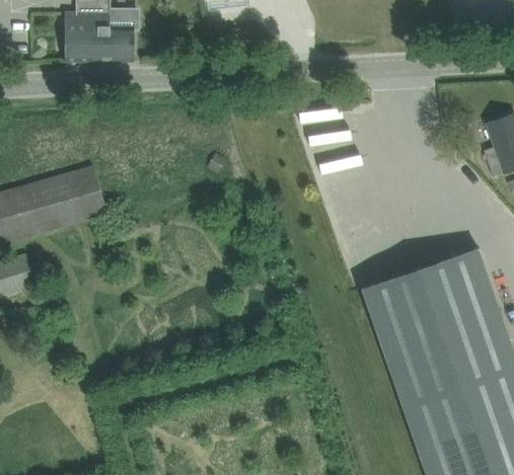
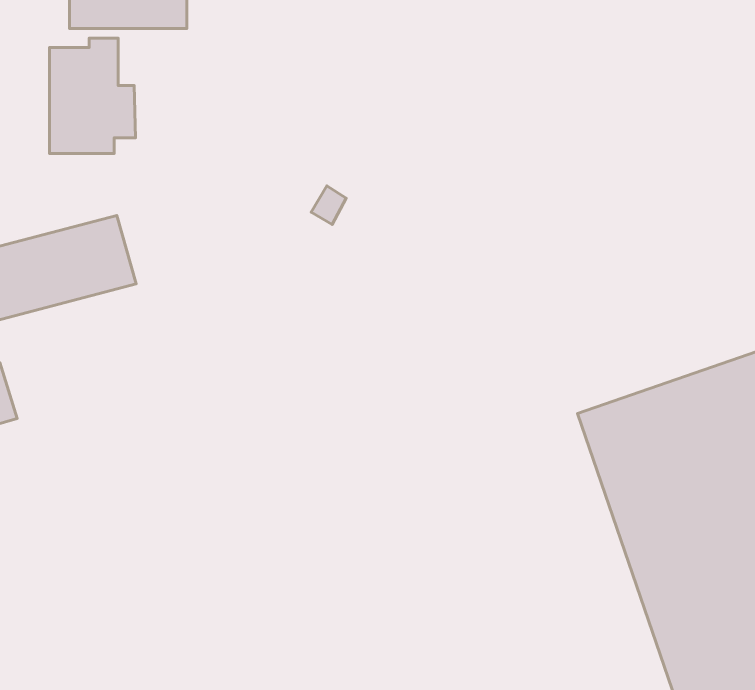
building: none -> [49,38,136,154]

